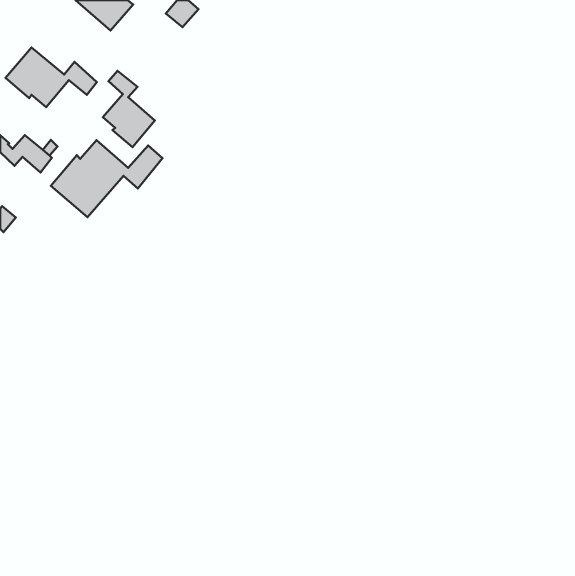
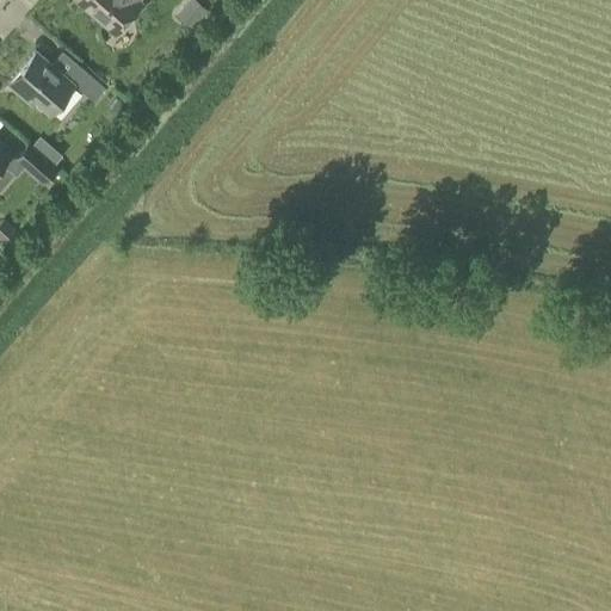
building: [103,71,155,147] -> none
building: [51,140,163,217] -> none

